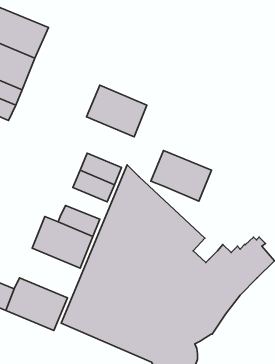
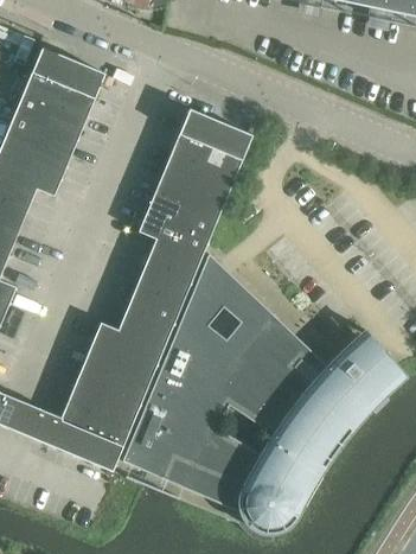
building: none -> [173,107,252,174]
building: [151,150,211,201] -> [139,190,218,256]
building: none -> [128,282,183,324]
building: none -> [68,362,147,427]

